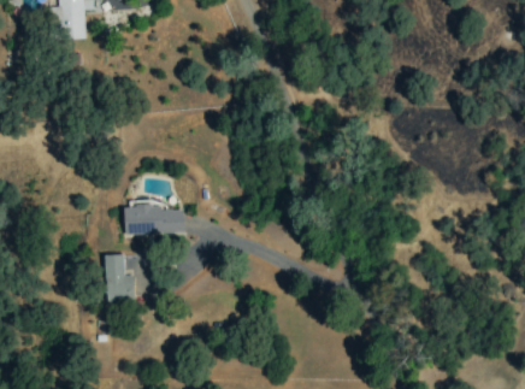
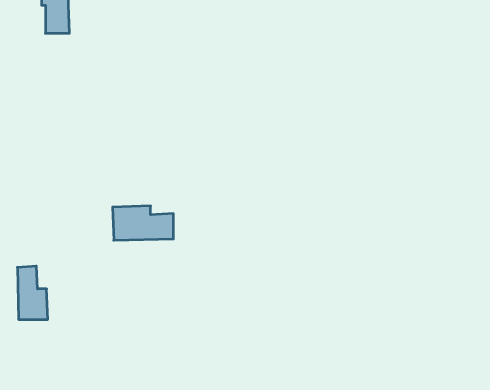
building: [105,252,134,302] -> [17,266,48,319]

